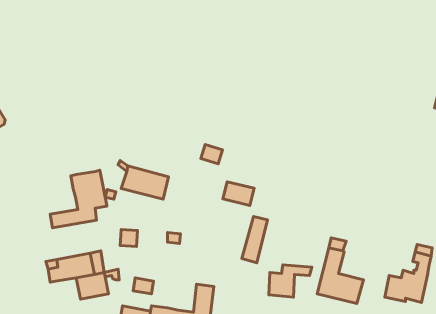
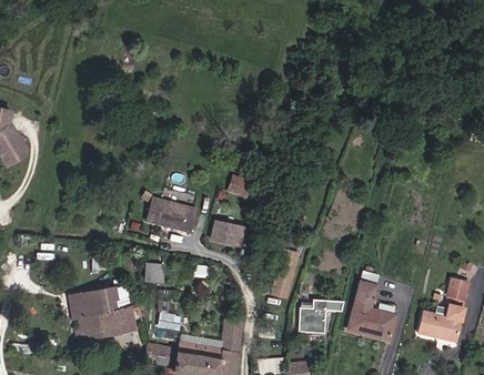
building: [50,170,107,228] -> none
building: [223,182,254,205] -> [211,221,243,245]
building: none -> [79,313,104,338]

